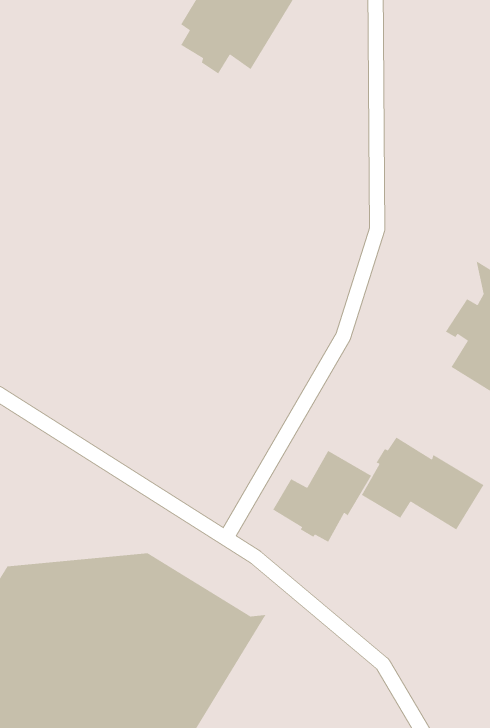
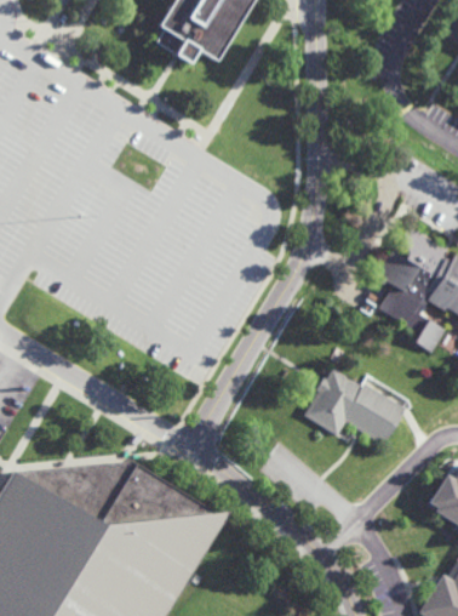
building: [272,450,372,543] -> none

